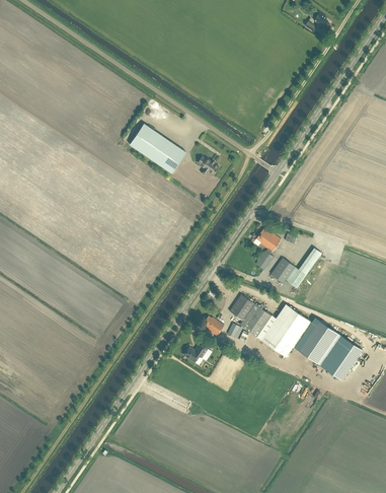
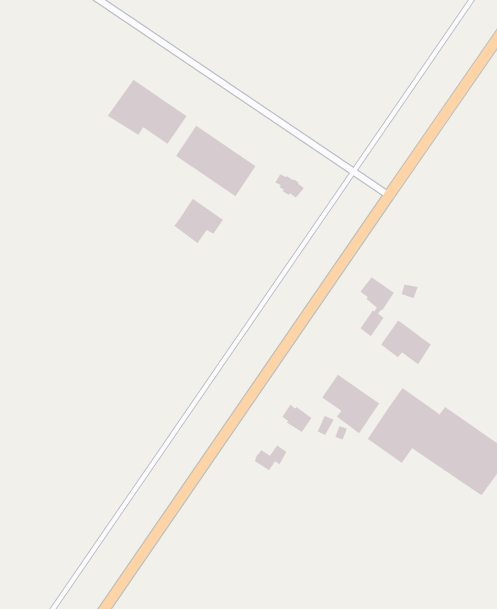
building: none -> [107,79,187,145]
building: none -> [173,198,224,244]

